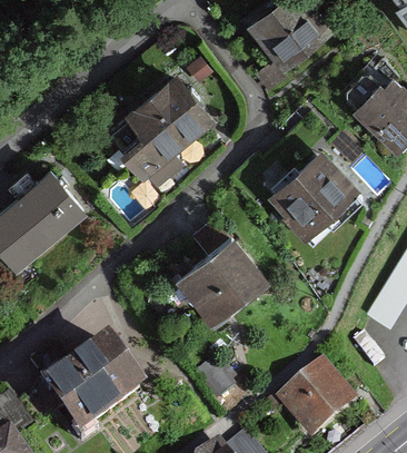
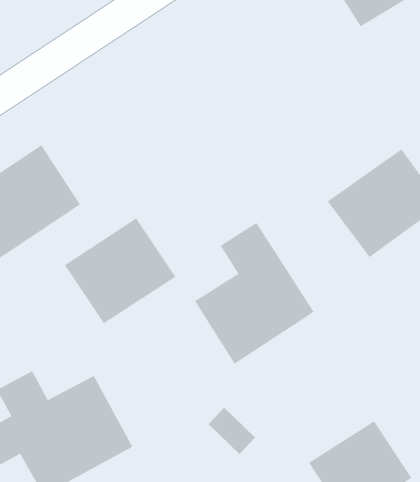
building: [102,72,220,185] -> none
building: none -> [64,218,176,324]

